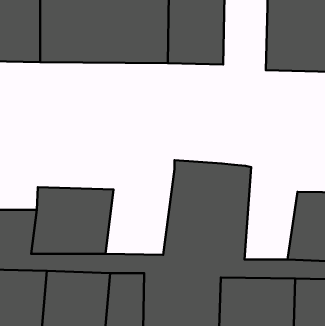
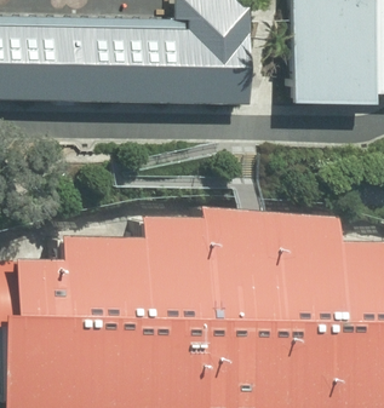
building: none -> [269,213,331,312]
building: none -> [120,216,194,308]

